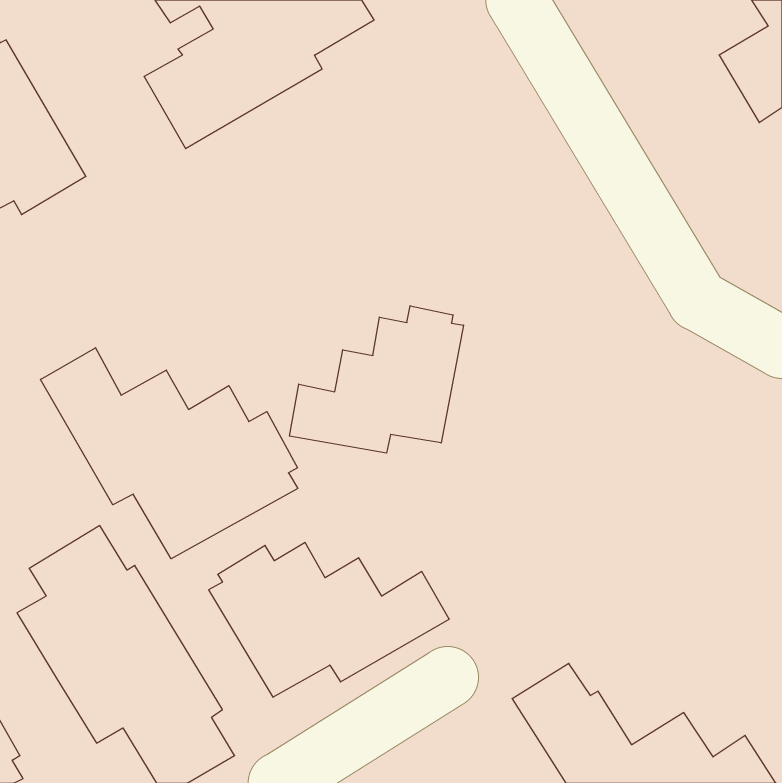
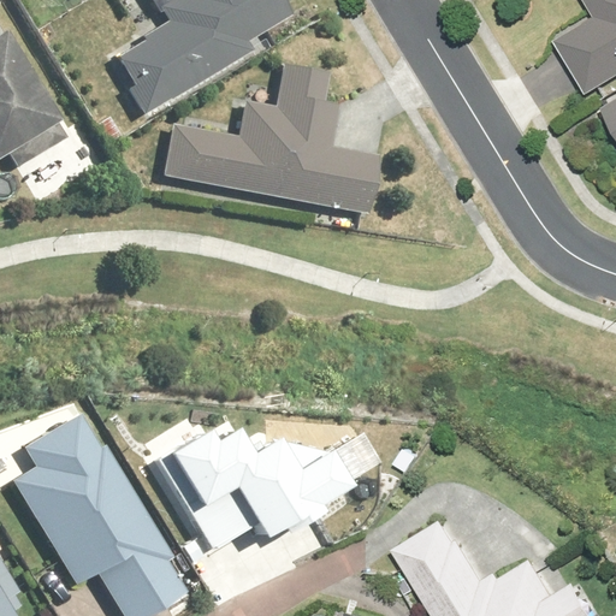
building: none -> [164,64,386,213]
building: [289,306,464,453] -> none
building: [40,348,298,559] -> none

